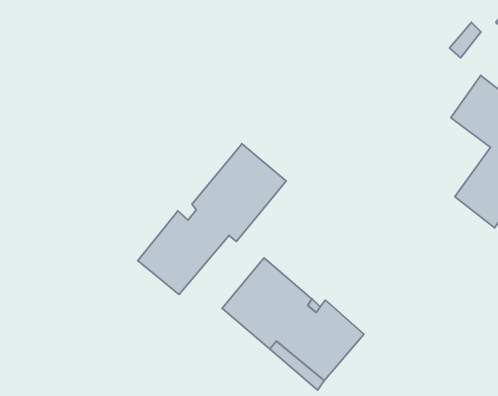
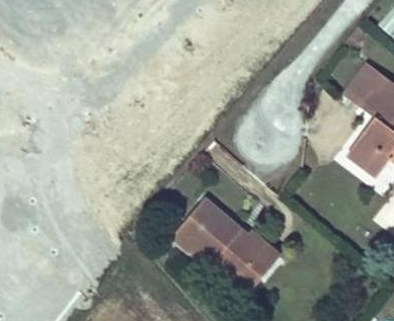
building: [138,144,286,294] -> none

